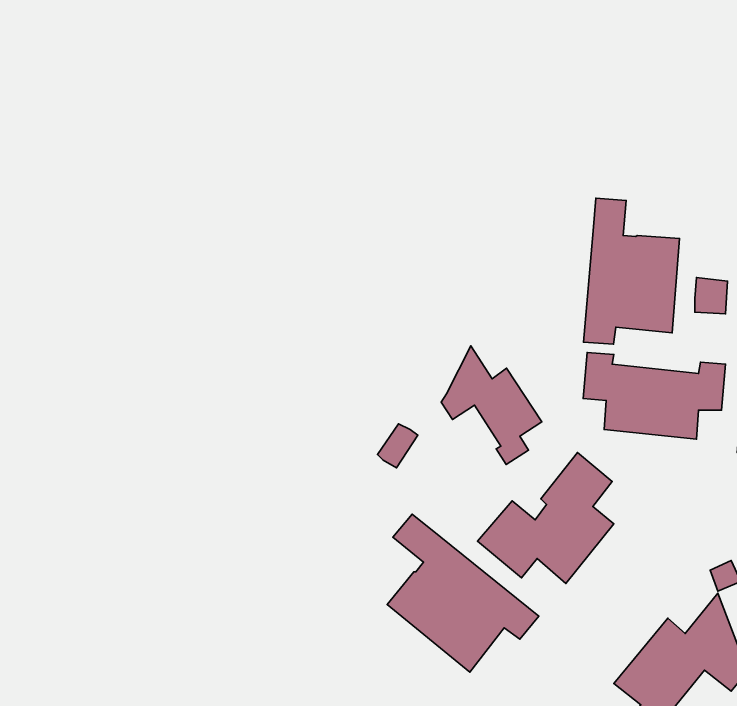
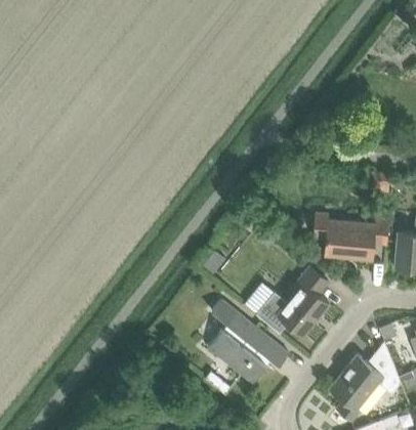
building: [583,198,680,344] -> none
building: [441,346,542,464] -> none

